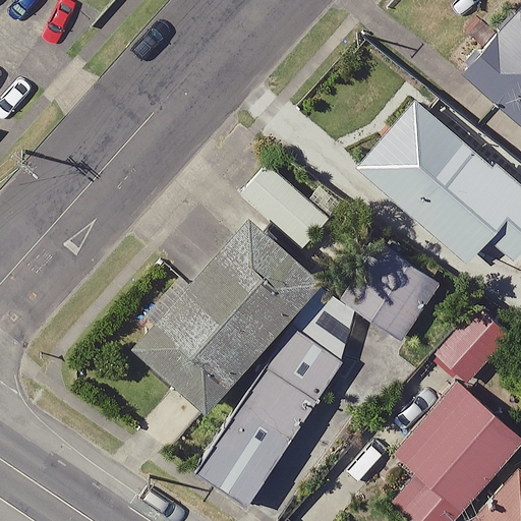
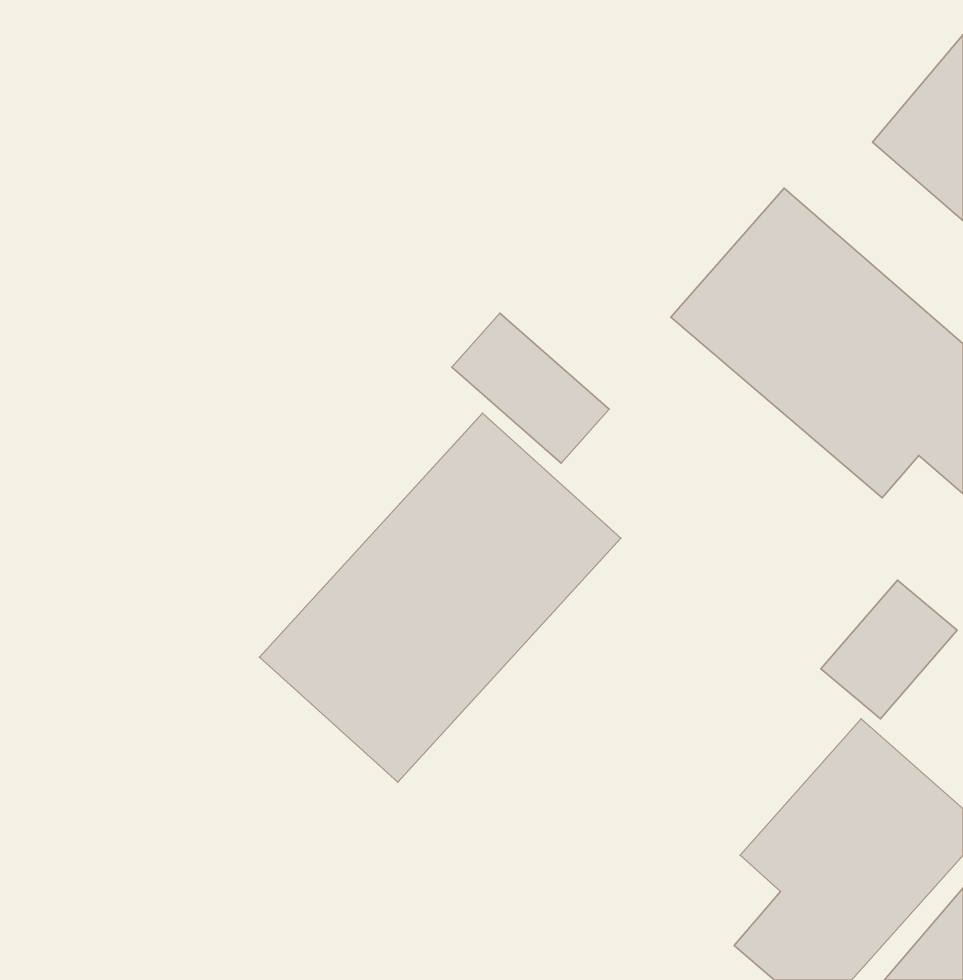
building: [337,242,436,338] -> none
building: [199,330,346,505] -> none

